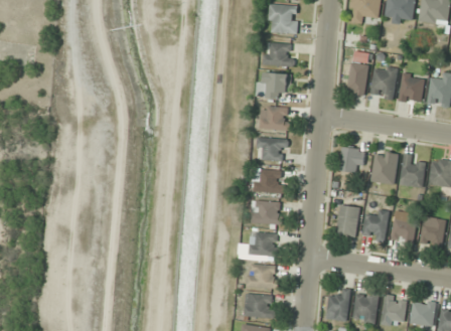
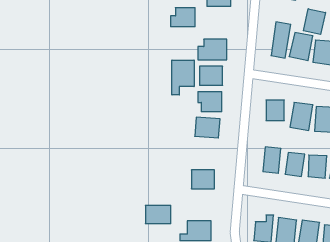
building: none -> [303,9,325,34]
building: [263,43,293,66] -> [171,8,195,27]
building: none -> [172,60,194,95]
building: [252,201,282,225] -> none
building: [247,266,278,288] -> [145,205,171,224]

